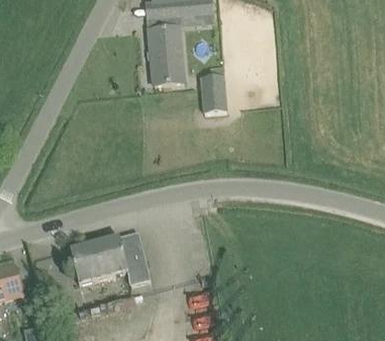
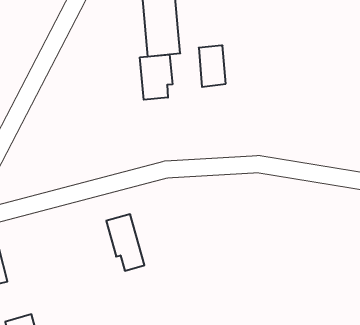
building: none -> [140,54,172,100]
building: [70,237,123,282] -> none

